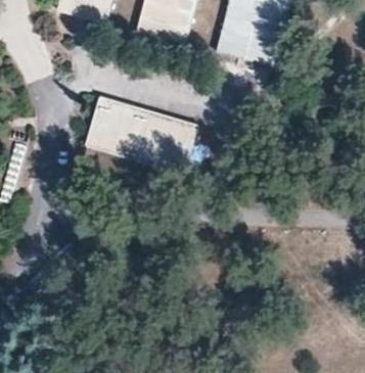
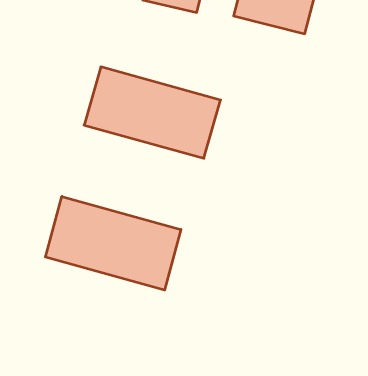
building: none -> [45,196,181,290]

